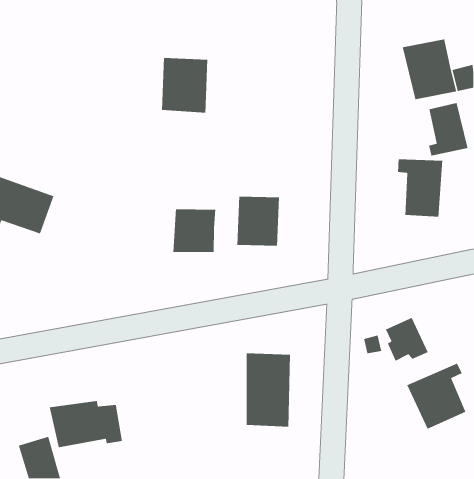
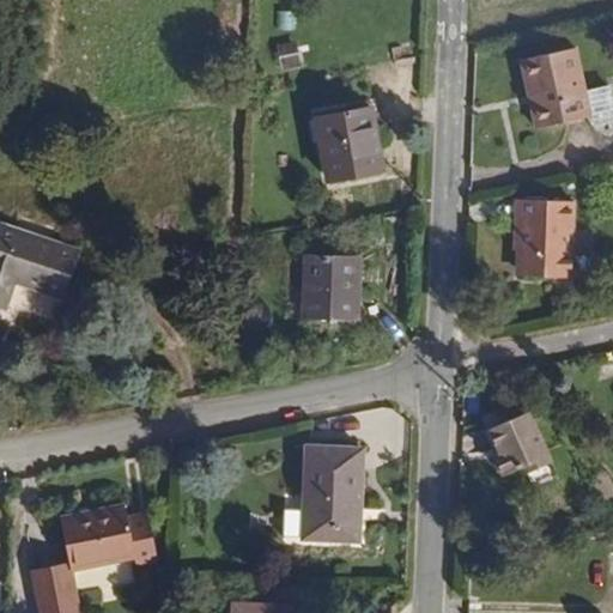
building: [161,57,208,113] -> [328,103,388,175]
building: [428,102,468,157] -> none
building: [173,209,216,253] -> none
building: [406,362,467,430] -> none

